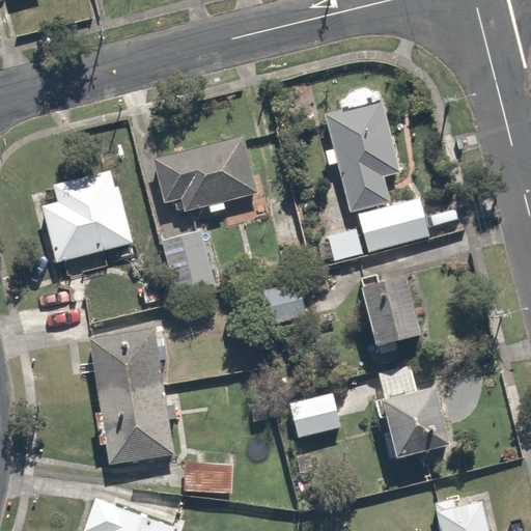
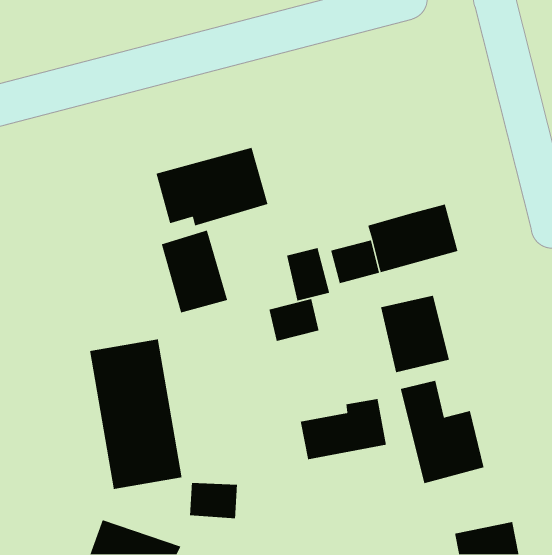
building: [325,82,410,215] -> none
building: [38,168,131,261] -> none
building: none -> [286,247,330,302]

